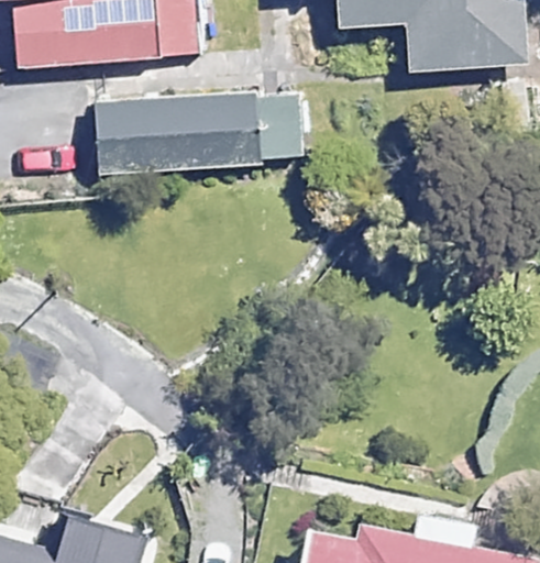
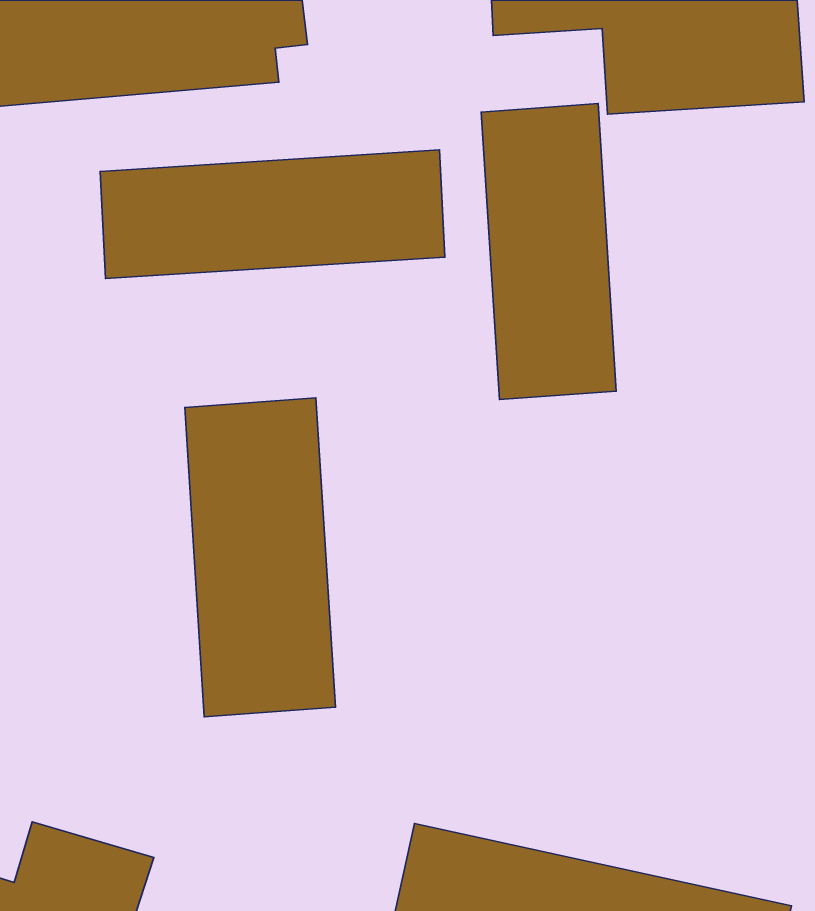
building: none -> [481,104,616,400]
building: none -> [185,398,335,717]

